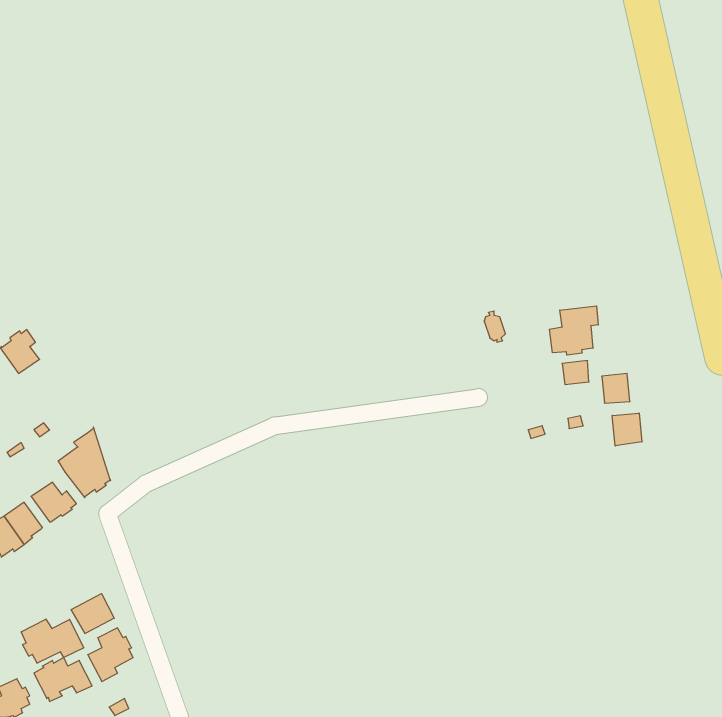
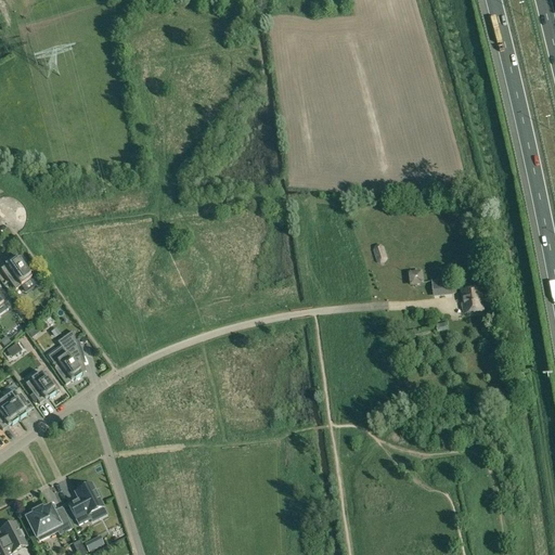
building: [549,306,598,355] -> none
building: [612,413,642,446] -> none
building: [71,594,114,633] -> none
building: [21,619,84,663] -> none

